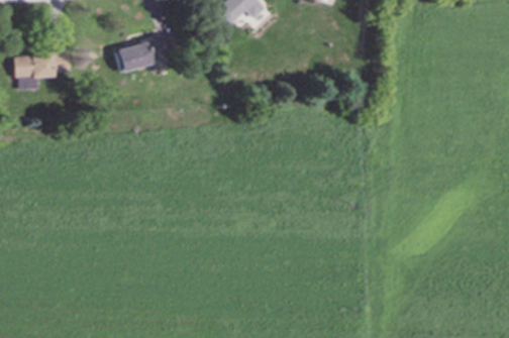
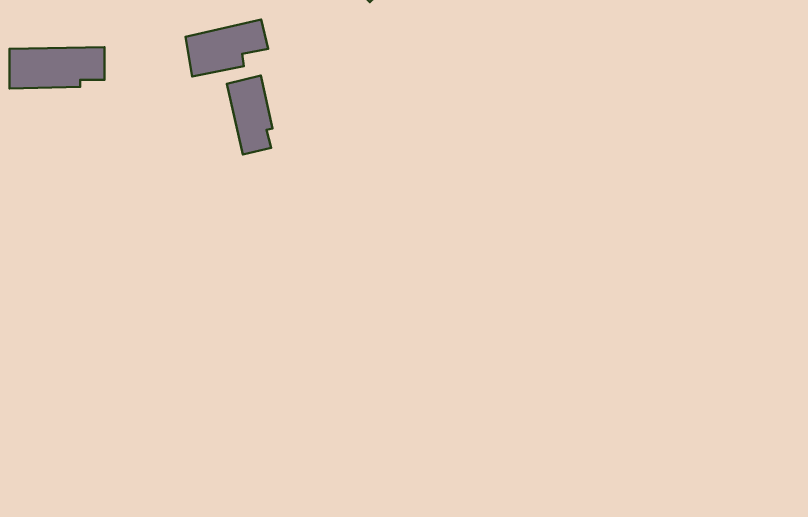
building: none -> [227,76,273,155]

